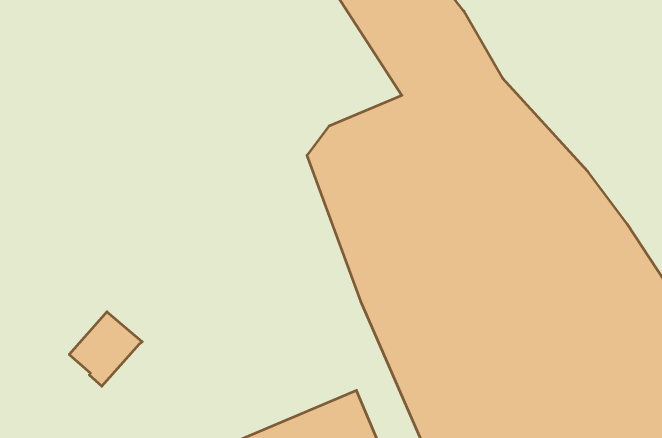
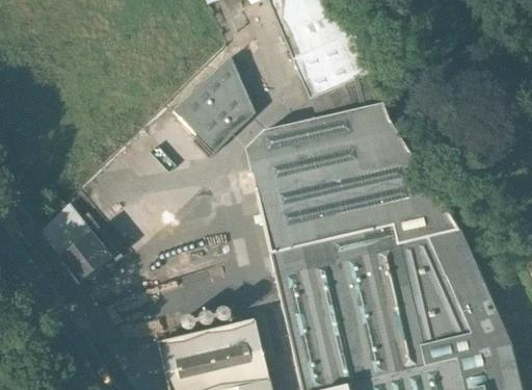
building: none -> [175,58,258,155]
building: none -> [41,206,121,264]

